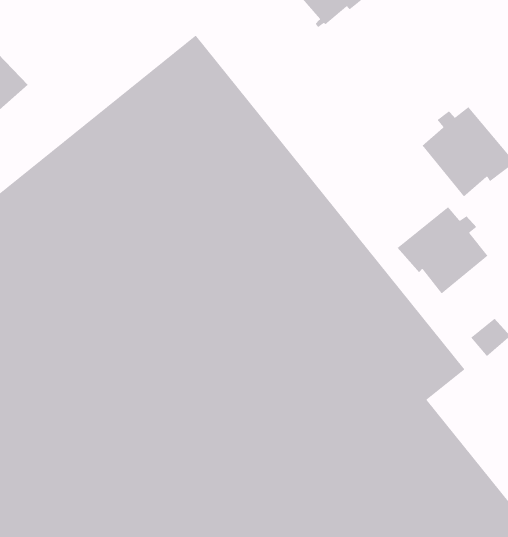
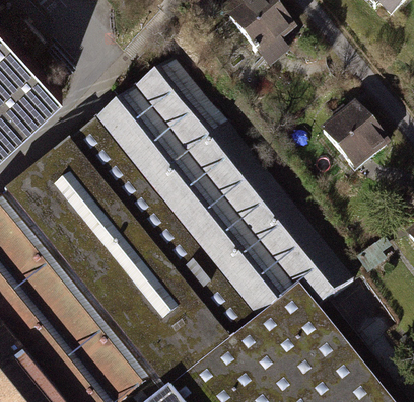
building: [396,206,488,294] -> none

